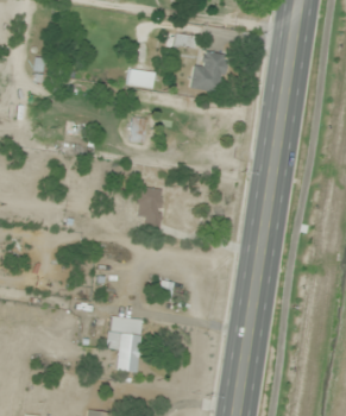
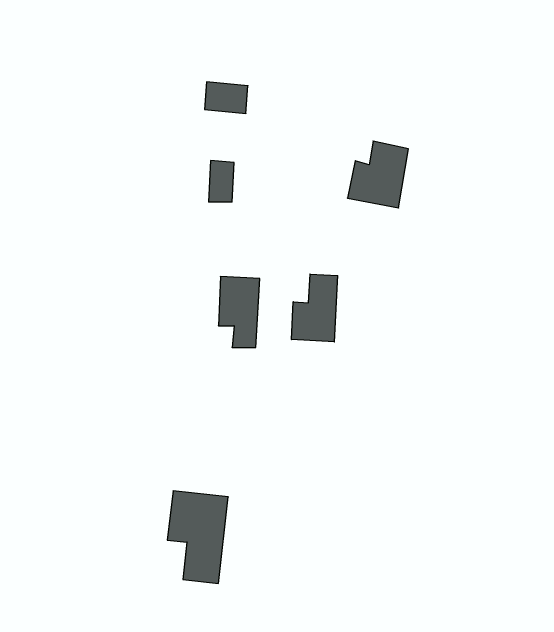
building: [191,51,228,92] -> [347,141,408,208]
building: none -> [292,274,338,342]

